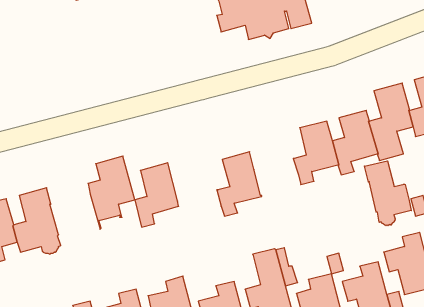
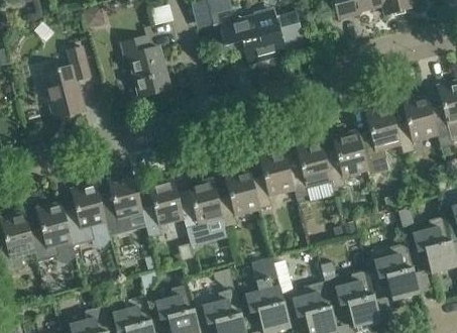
building: none -> [121,37,170,97]
building: none -> [42,47,90,120]
building: none -> [253,149,295,209]
building: [364,161,411,226] -> none
building: none -> [183,179,223,248]
building: none -> [65,183,111,247]

